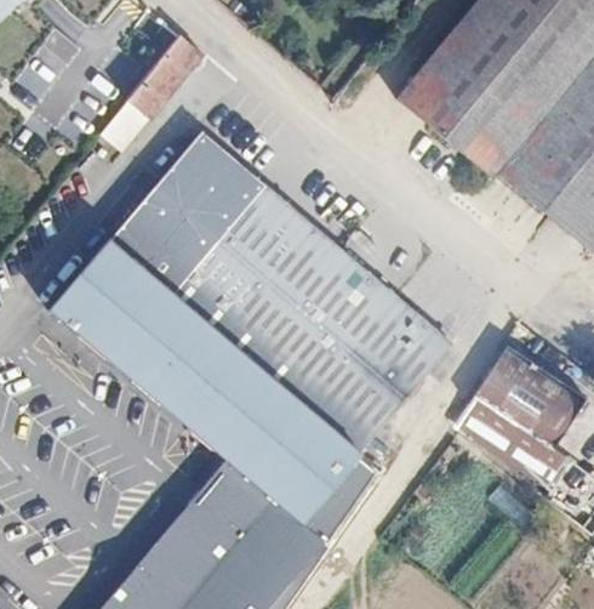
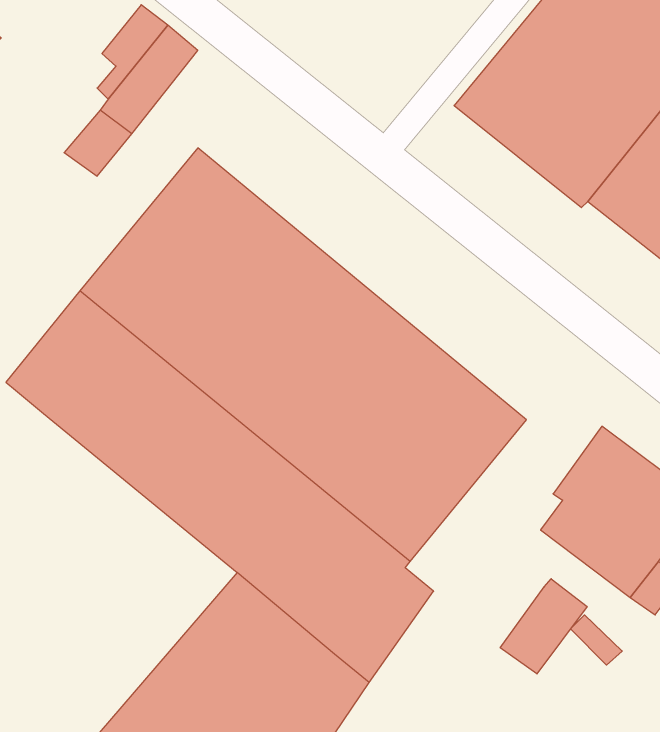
building: none -> [500,579,587,674]

